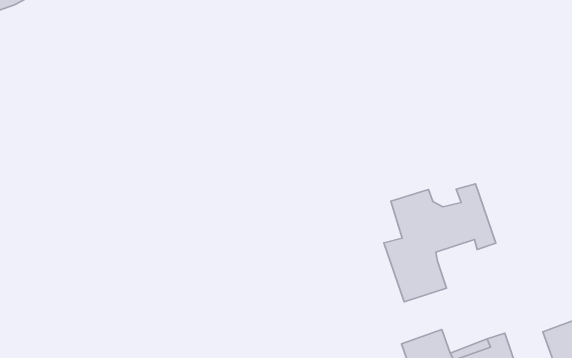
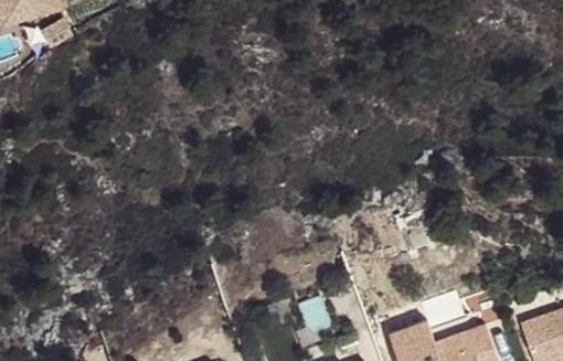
building: [384,184,496,302] -> none

